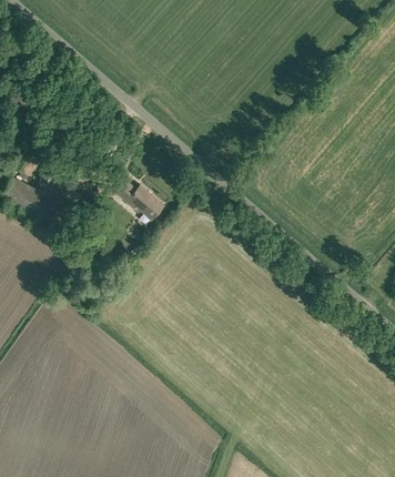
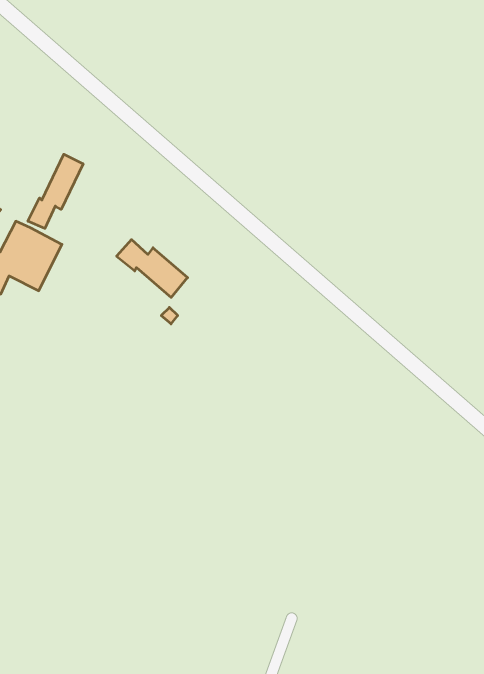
building: none -> [28,154,83,228]

